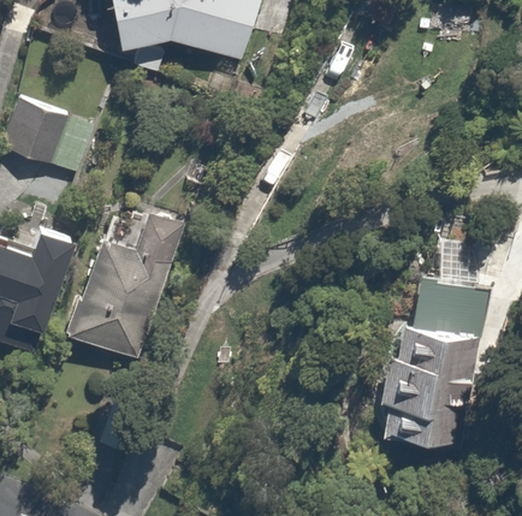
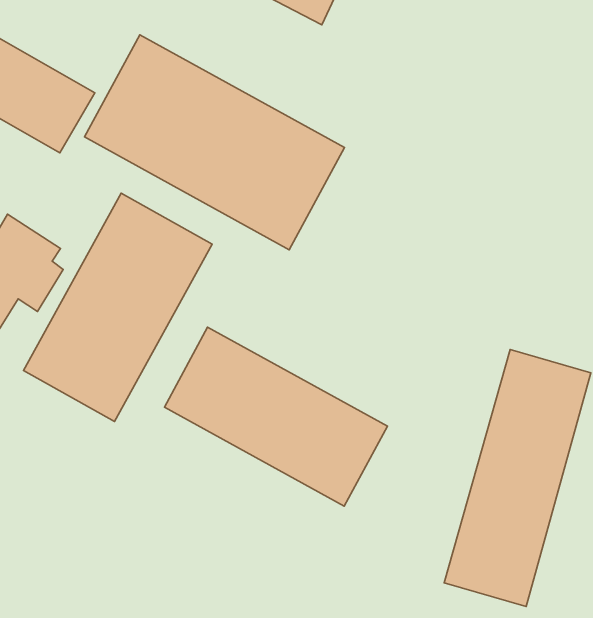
building: none -> [84,35,344,250]
building: none -> [164,327,388,506]

